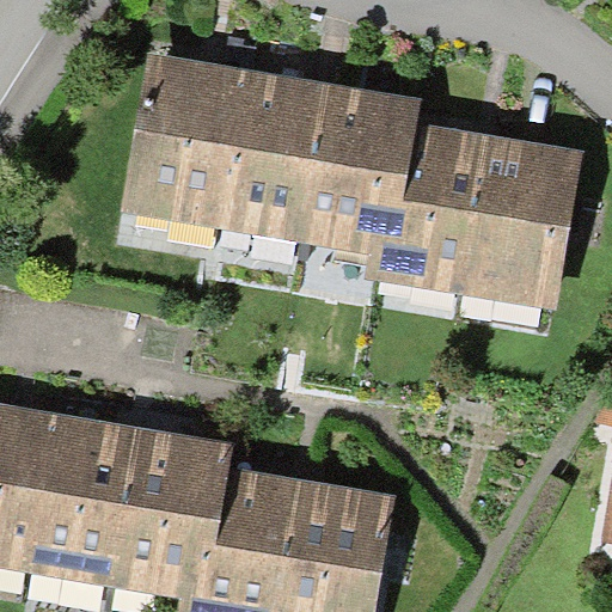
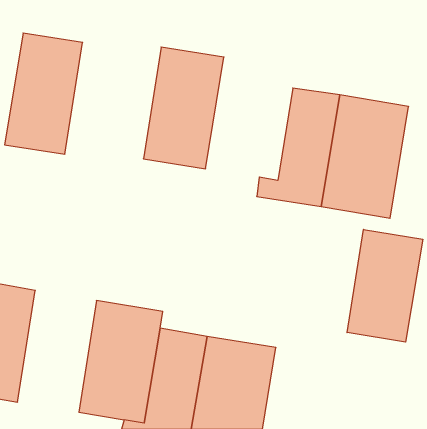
building: [118,54,230,226] -> [5,33,83,154]
building: [293,81,421,257] -> none
building: none -> [347,229,423,342]
building: [25,414,137,587] -> none

